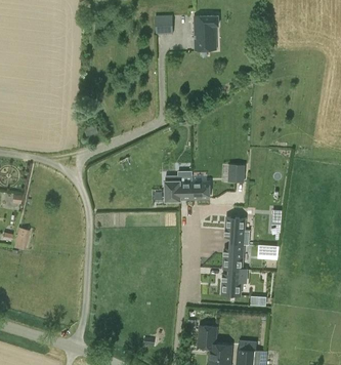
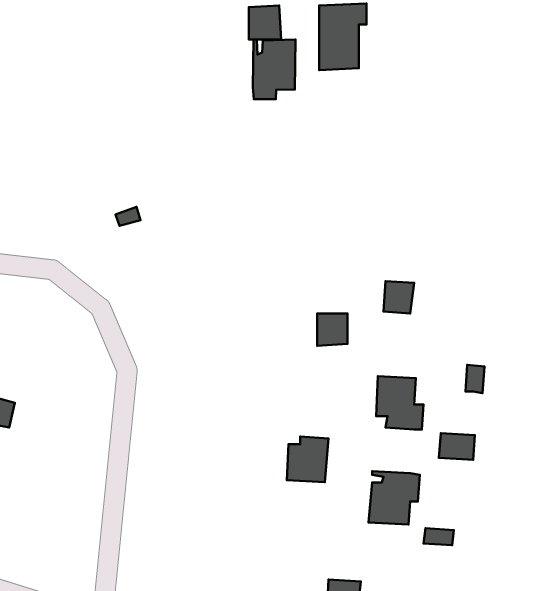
building: none -> [253,39,296,99]
building: [166,175,193,200] -> none
building: [222,243,245,268] -> [287,436,329,482]

